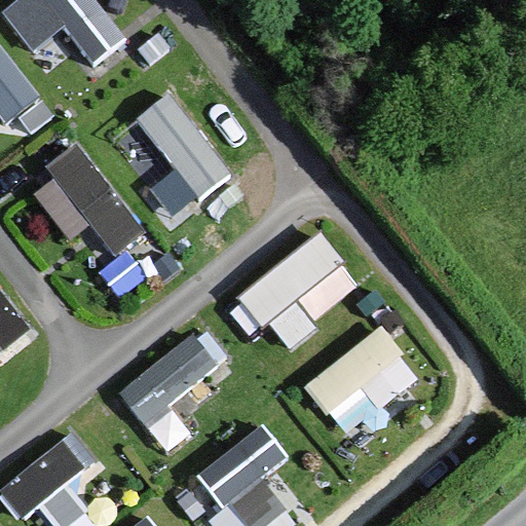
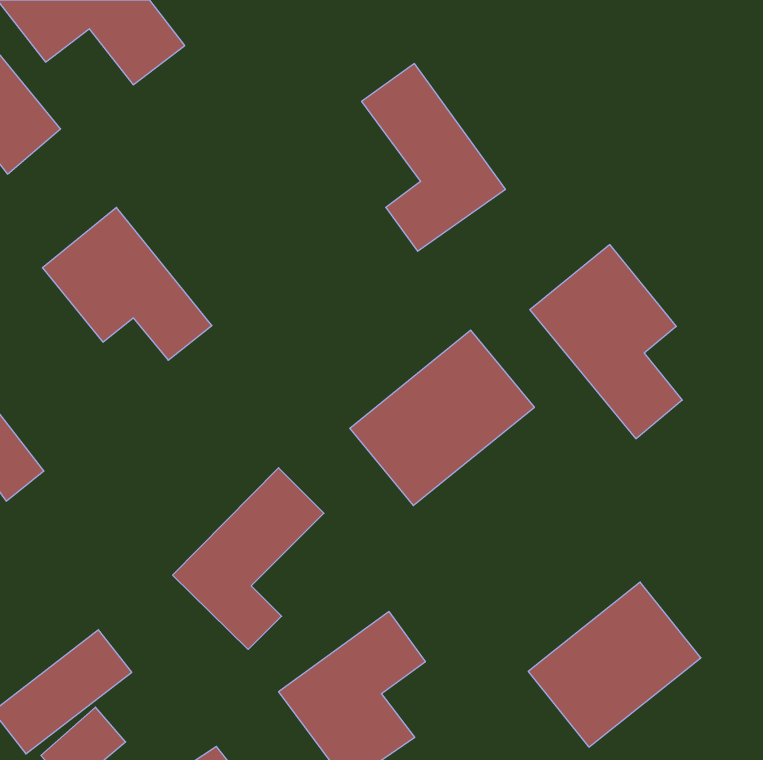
building: [134,90,231,218] -> [362,64,505,251]
building: none -> [530,245,682,439]
building: [303,327,420,439] -> [528,582,701,747]

